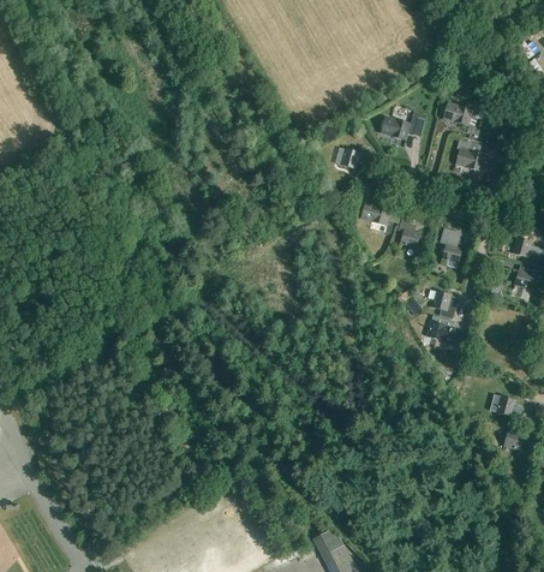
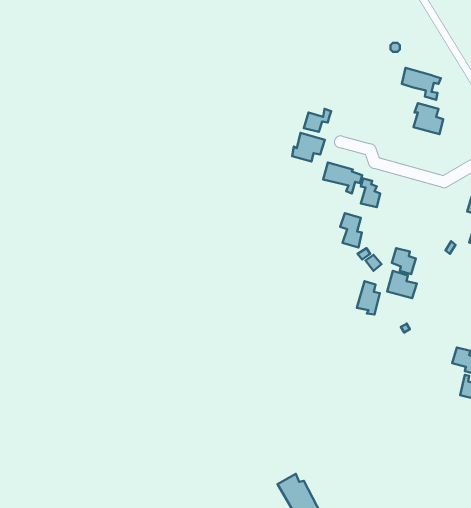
building: [379,117,418,141] -> none
building: none -> [292,133,325,161]
building: [438,228,461,264] -> [340,213,362,247]
building: none -> [357,281,380,314]

